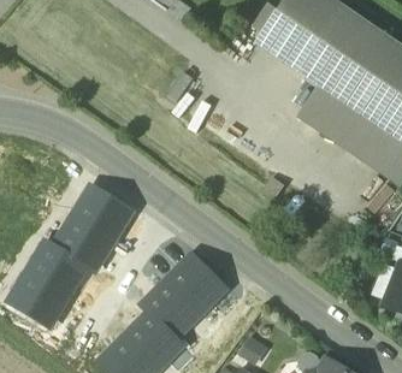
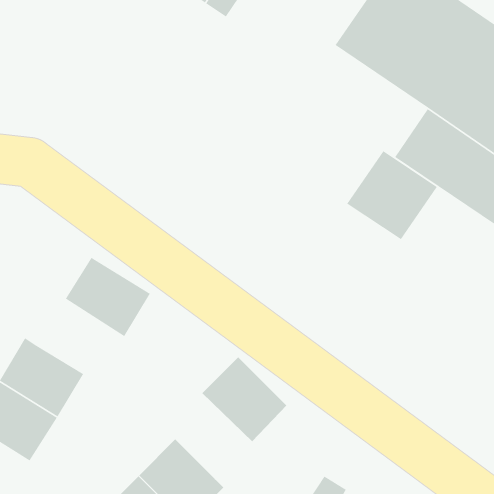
building: none -> [346,150,438,240]
building: [53,214,113,271] -> none
building: [141,279,201,338] -> none

